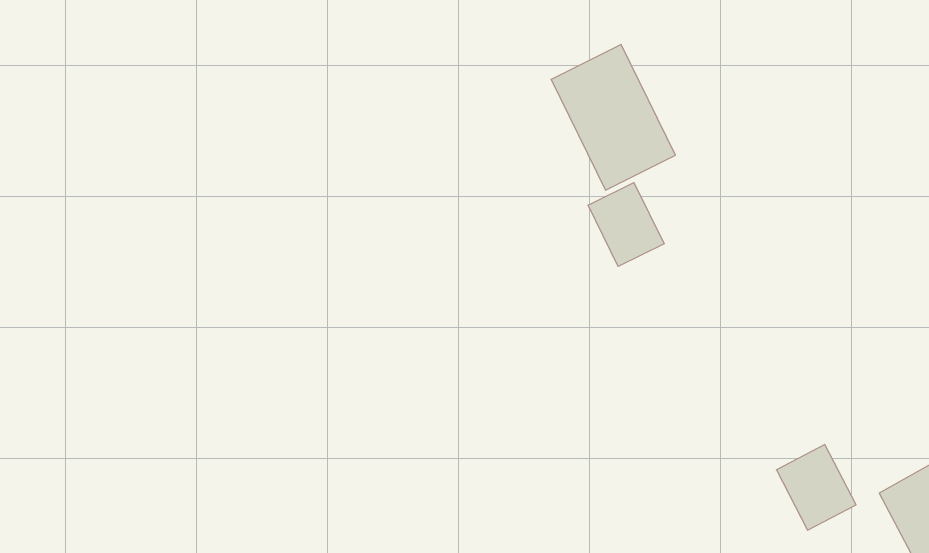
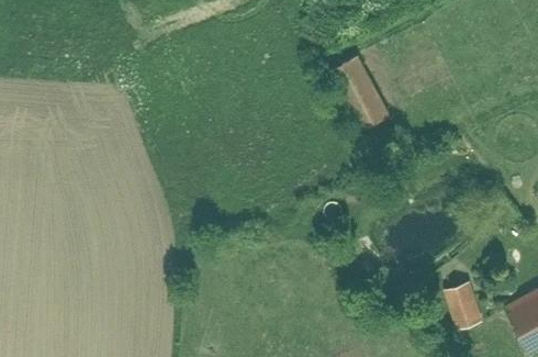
building: [588,183,664,266] -> none

